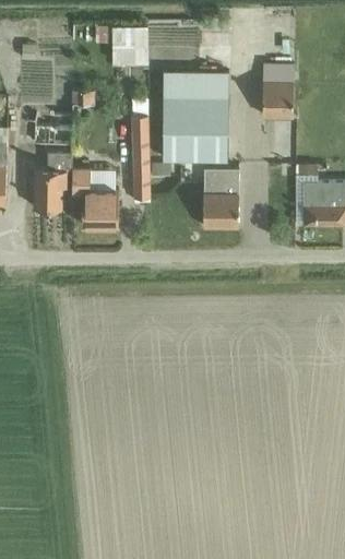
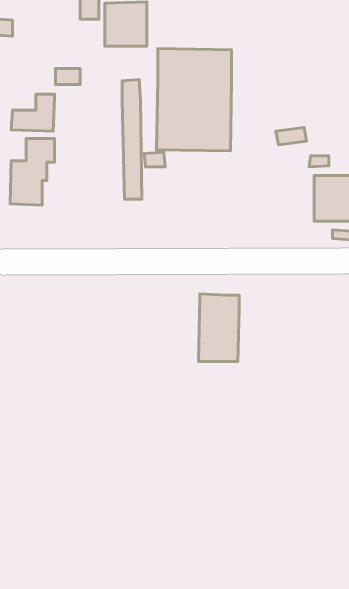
building: [261,64,293,118] -> none
building: [70,168,117,227] -> none
building: [202,168,238,228] -> [199,294,239,362]

